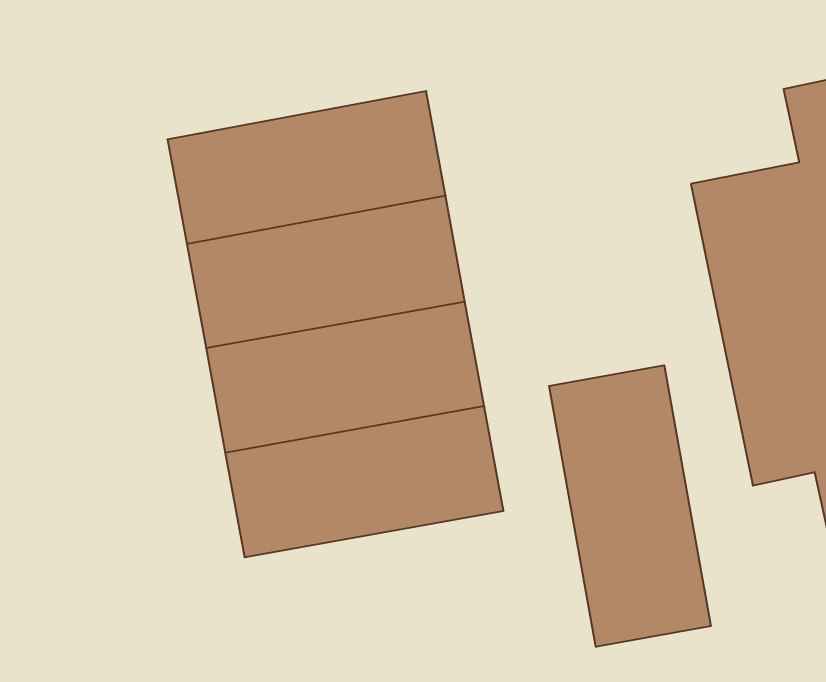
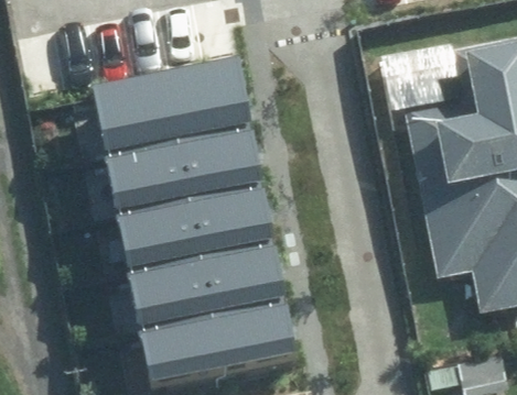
building: [549,365,711,647] -> none
building: none -> [141,297,300,383]

